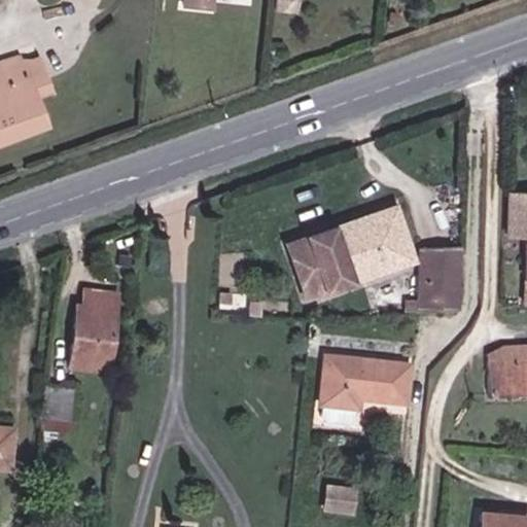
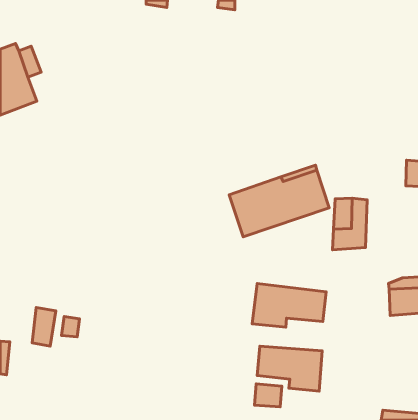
building: [69,289,118,372] -> none
building: none -> [257,346,322,391]

